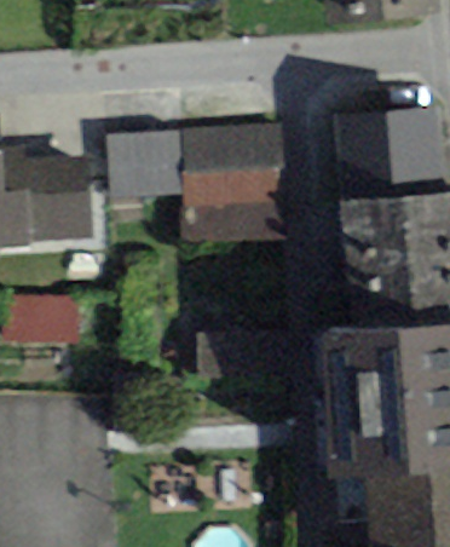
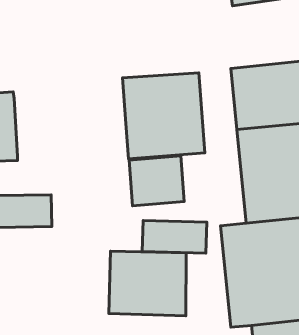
building: [106,129,184,200] -> [129,156,184,206]
building: [27,155,92,240] -> none
building: none -> [109,251,186,316]

